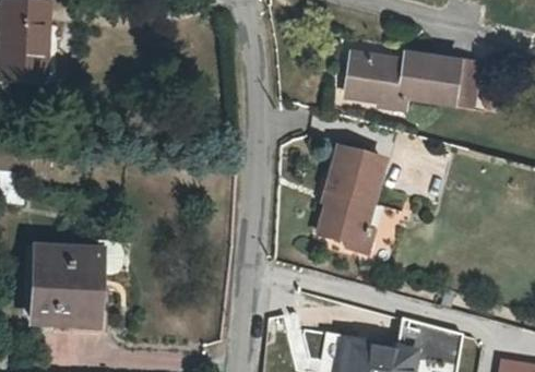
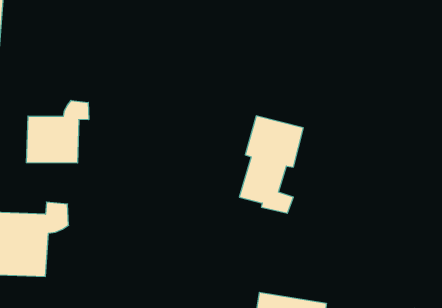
building: [341,45,477,100] -> none
building: none -> [26,100,89,163]

